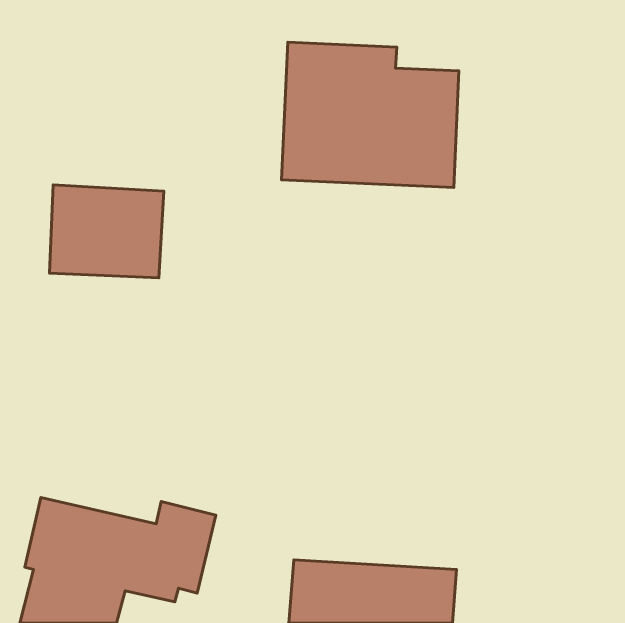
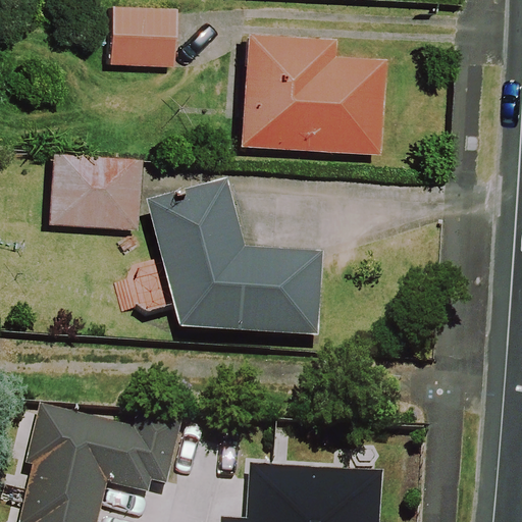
building: none -> [110,4,174,65]
building: none -> [147,185,325,340]

